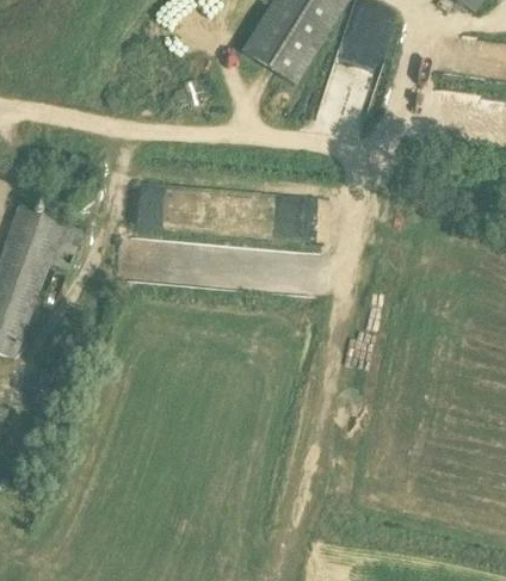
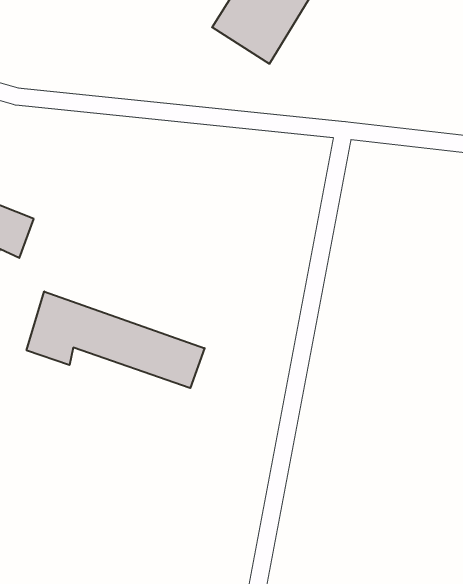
building: none -> [27,291,205,388]

